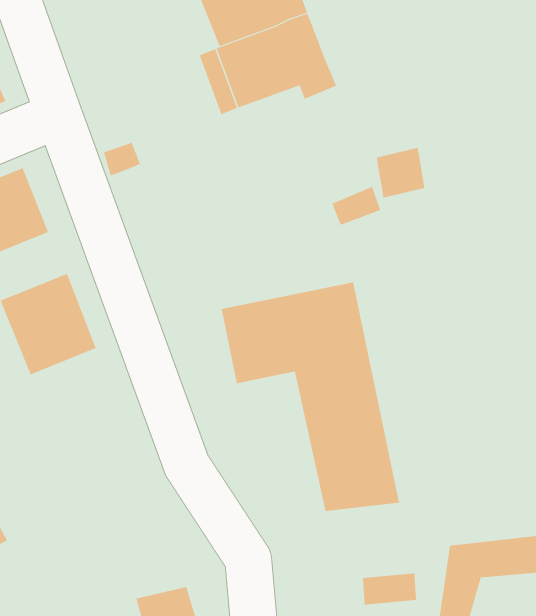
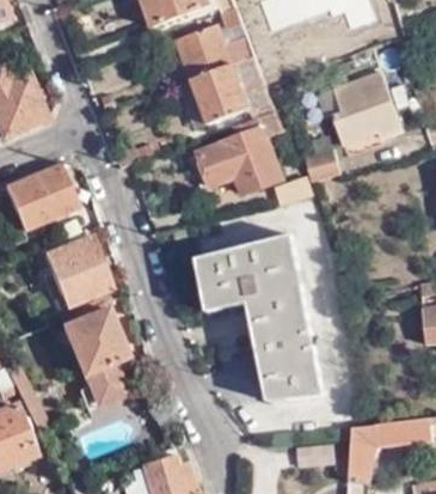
building: none -> [318,71,403,144]
building: none -> [186,105,284,190]
building: none -> [61,309,127,409]

